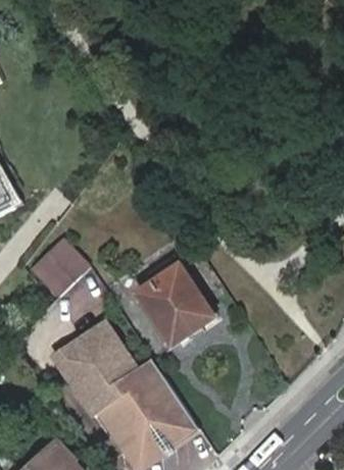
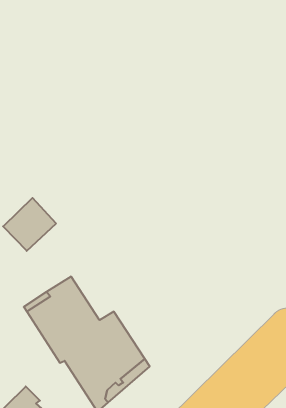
building: [134,257,210,346] -> none

